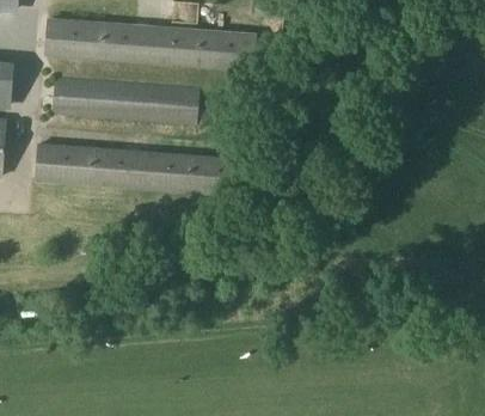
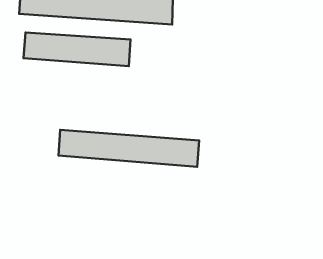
building: [38,142,228,192] -> [58,130,199,167]

